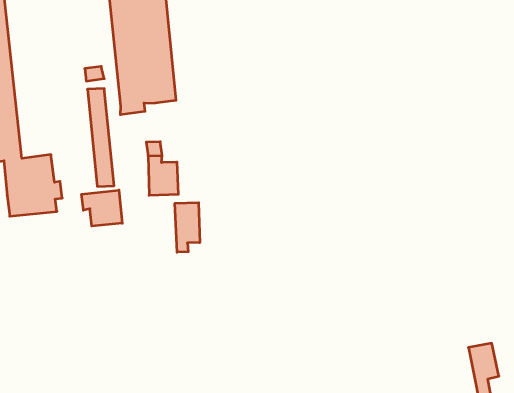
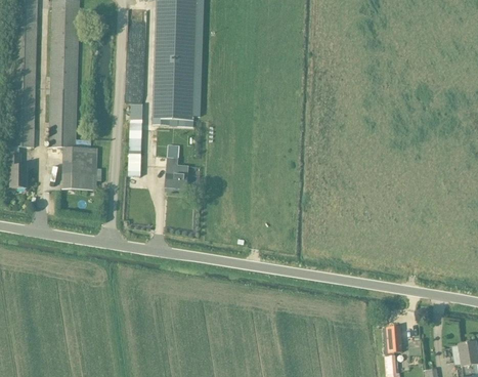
building: [82,190,122,226] -> none
building: [175,203,200,252] -> none

